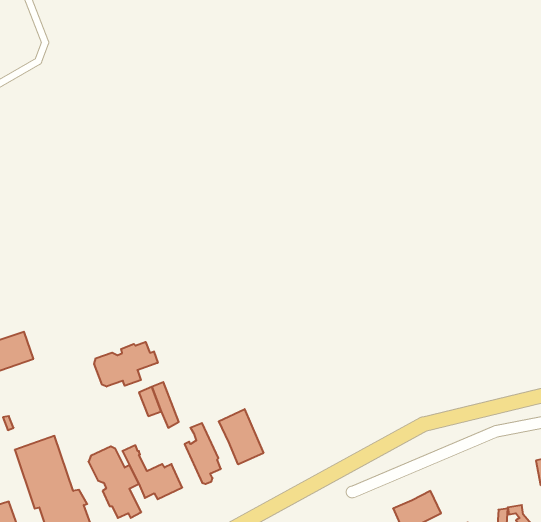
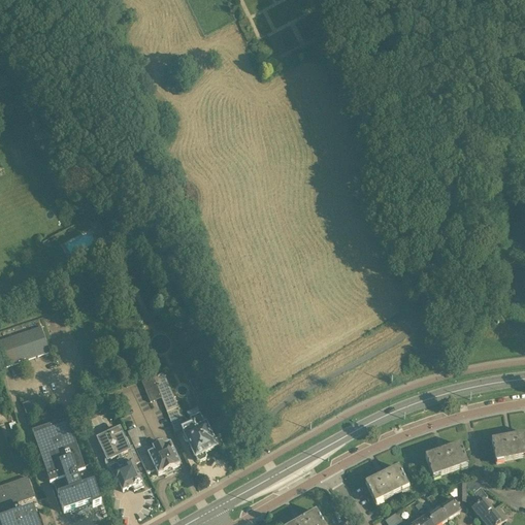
building: [94,342,158,387] -> none
building: [219,409,263,464] -> none
building: none -> [425,442,467,475]

